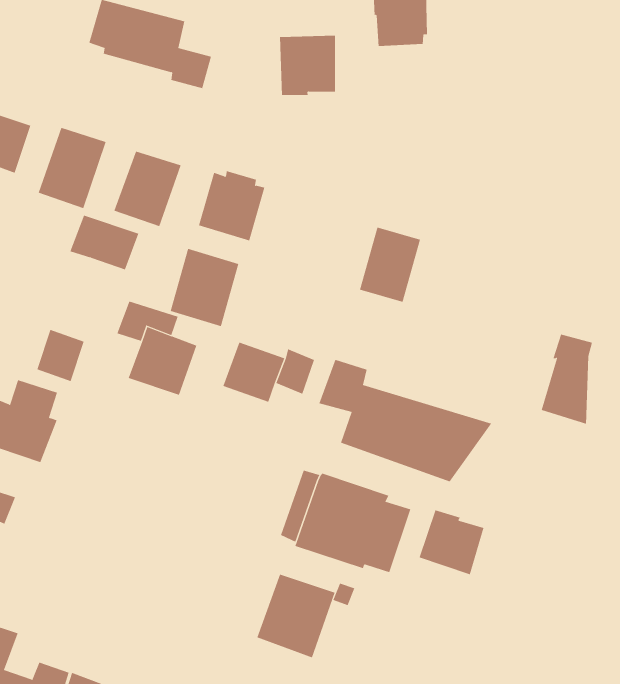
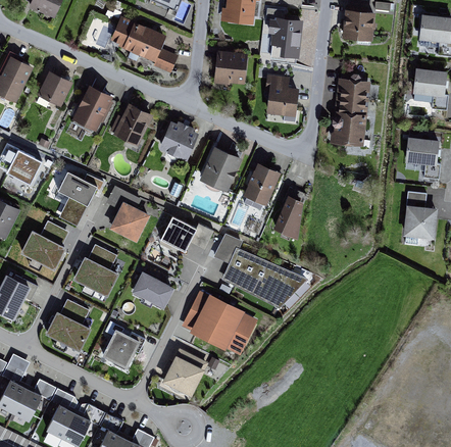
building: none -> [329,73,369,146]
building: none -> [265,74,299,116]
building: [70,215,139,270] -> [57,171,97,205]
building: [170,248,239,327] -> [199,146,241,192]
building: [541,334,593,424] -> [272,188,306,240]
building: none -> [72,245,119,296]
building: none -> [131,271,174,309]
building: [419,510,484,575] -> none
building: none -> [44,299,91,352]
building: none -> [101,329,145,368]

